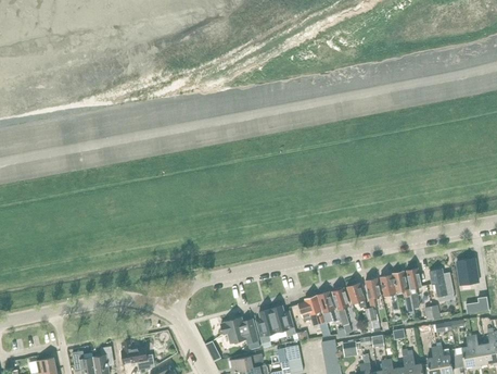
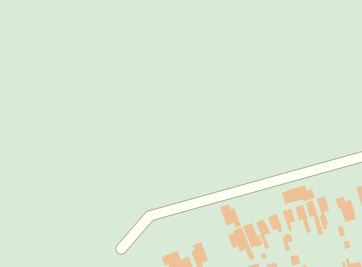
building: none -> [281,184,316,205]
building: [269,306,294,336] -> [219,203,242,229]

